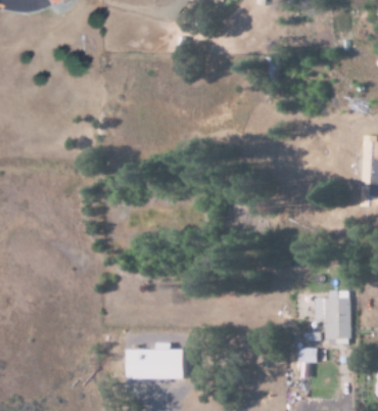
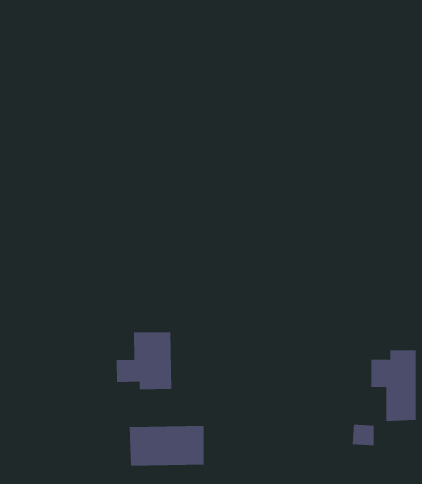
building: none -> [116,331,172,390]

